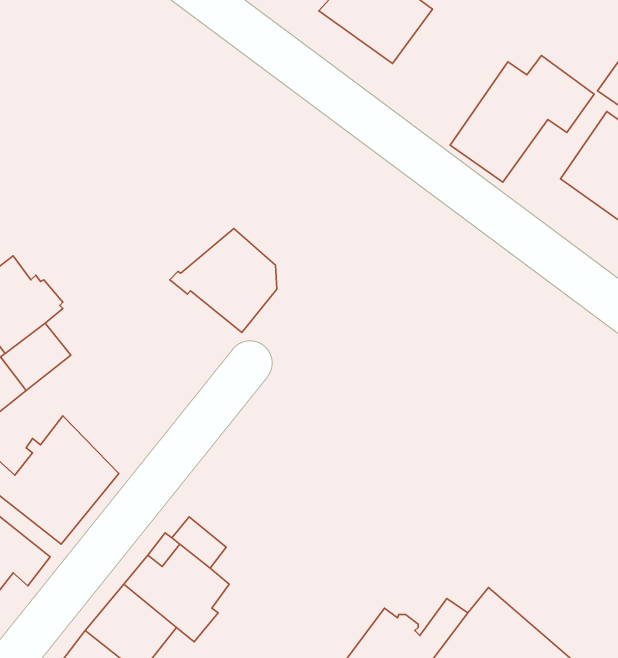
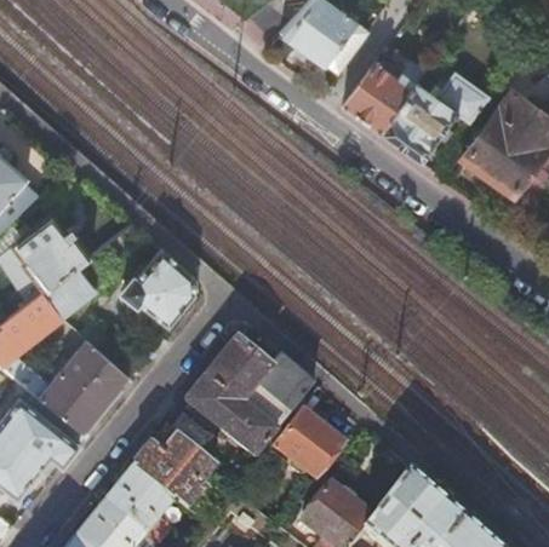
building: none -> [342,61,424,134]
building: [170,228,277,333] -> [114,253,195,332]
building: none -> [185,340,313,456]
building: none -> [274,409,345,479]

